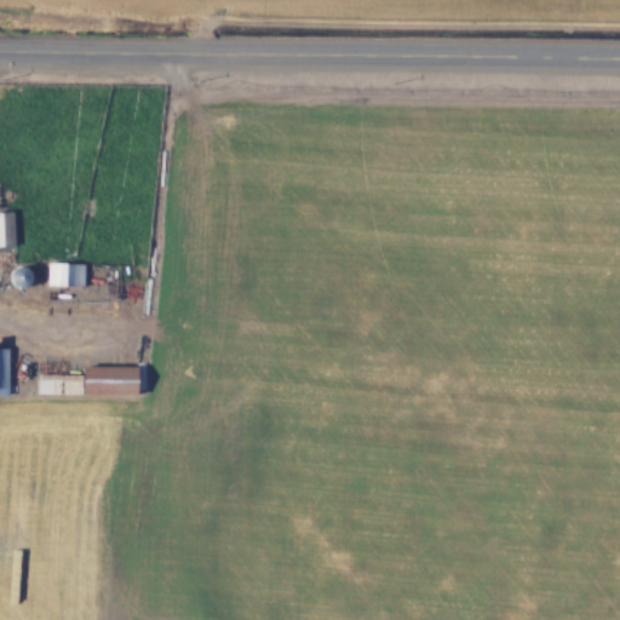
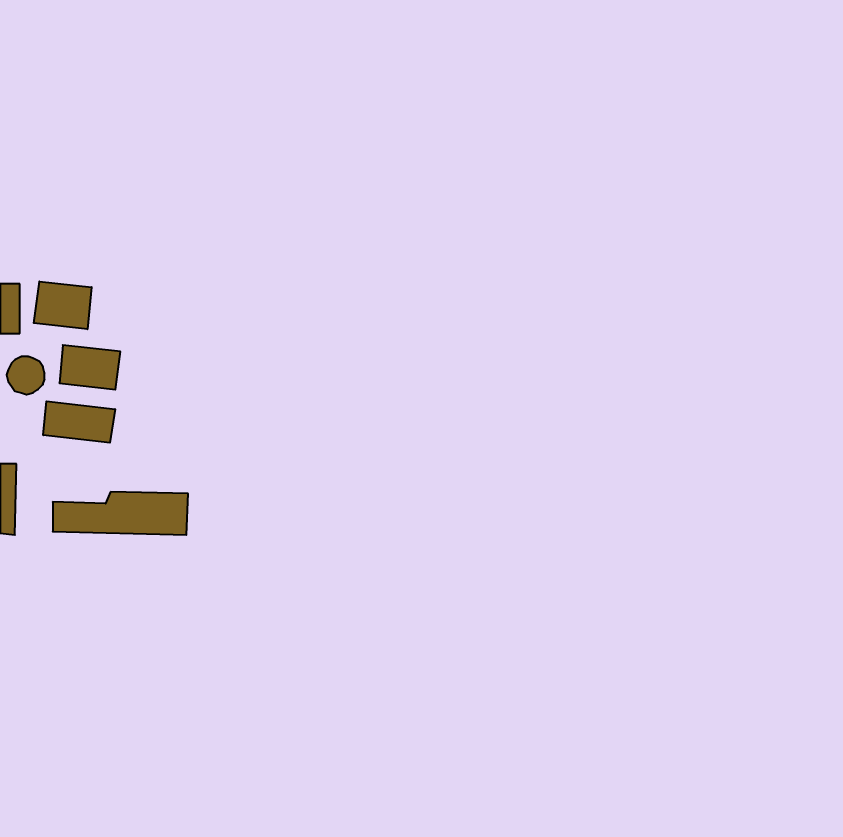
building: none -> [34,281,92,329]
building: none -> [43,401,115,443]

